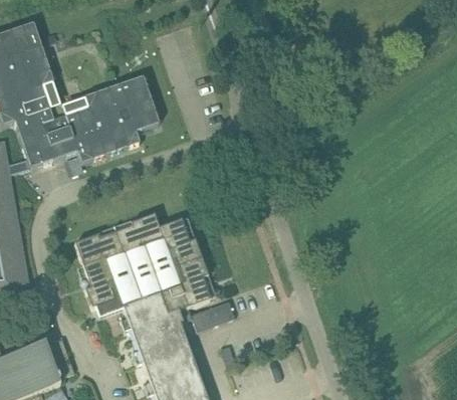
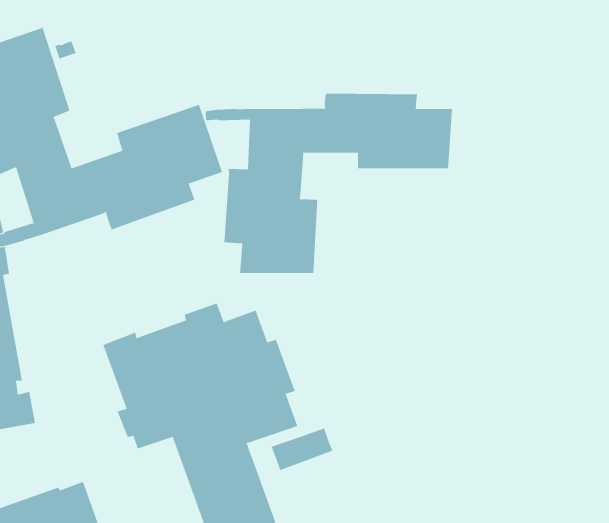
building: none -> [205,93,453,274]

